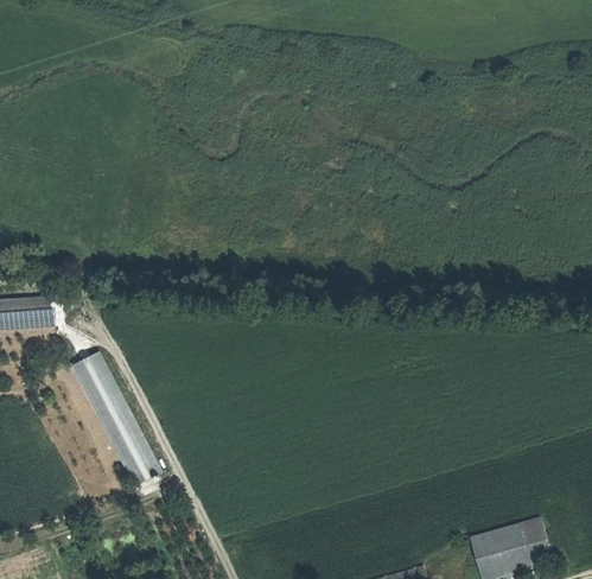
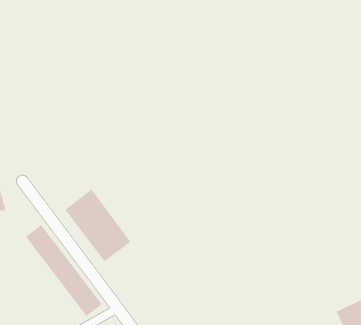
building: none -> [64,189,131,262]

